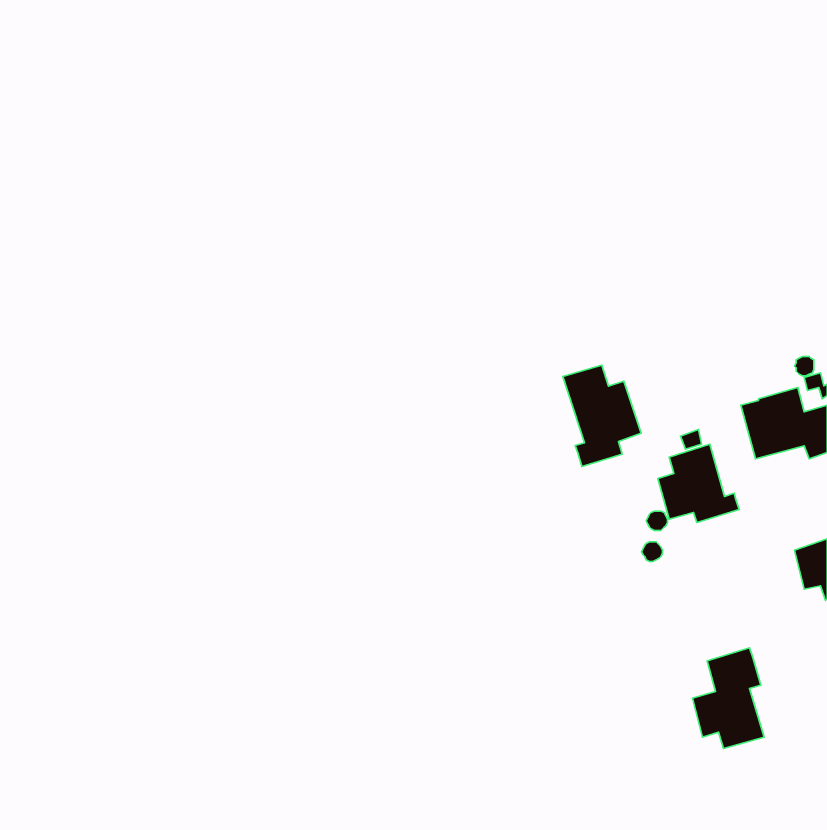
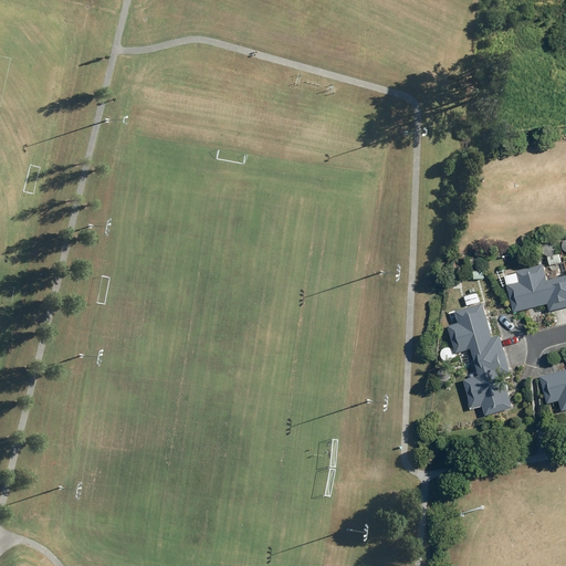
building: [563,365,641,467] -> none
building: [693,648,764,749] -> [463,346,512,415]

